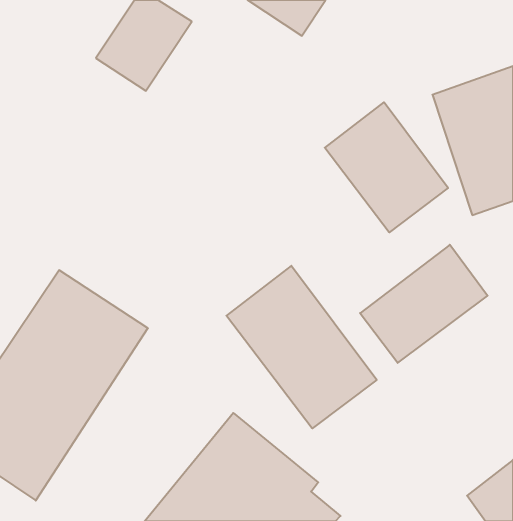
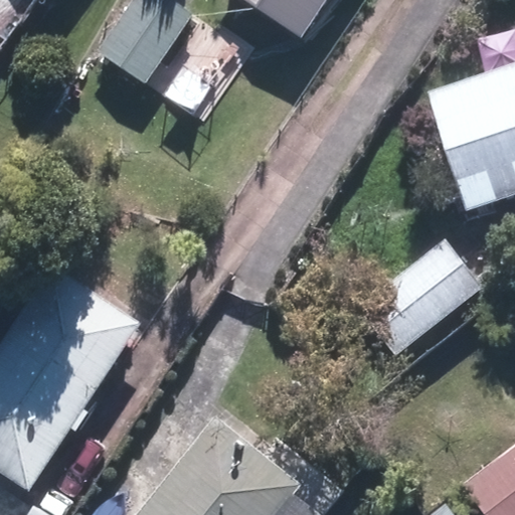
building: [325,102,448,232] -> none
building: [226,266,377,428] -> none

